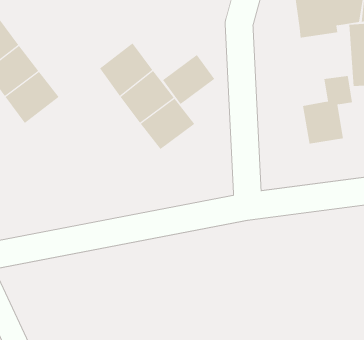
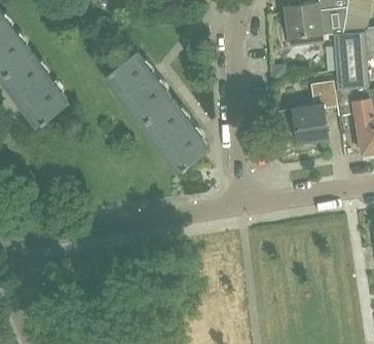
building: [162,54,215,105] -> [161,124,210,170]

